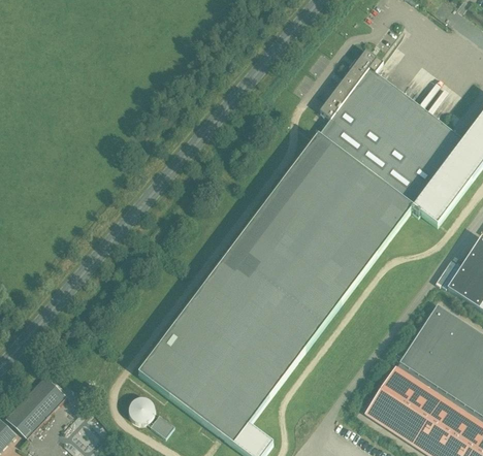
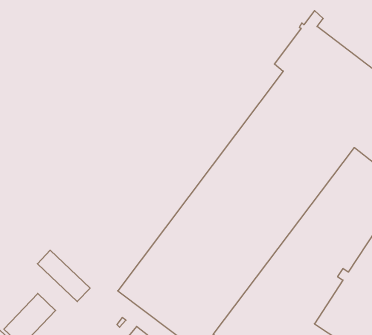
building: none -> [37,250,90,302]

